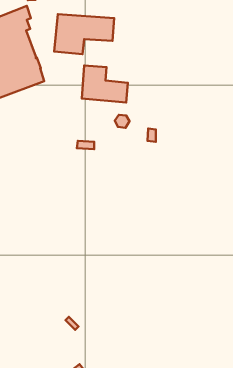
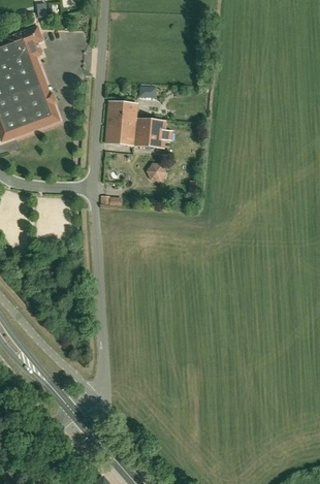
building: [54,14,114,54] -> none

